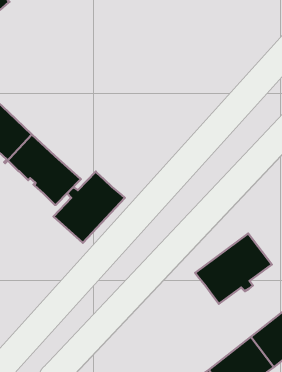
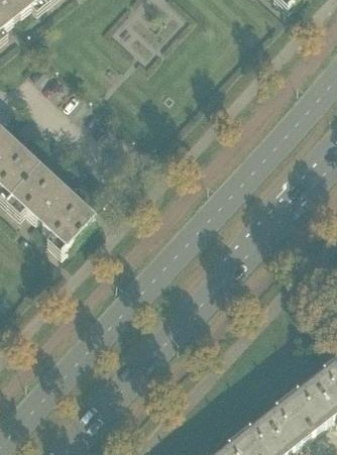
building: [54,171,125,243] -> none
building: [195,233,272,304] -> none

